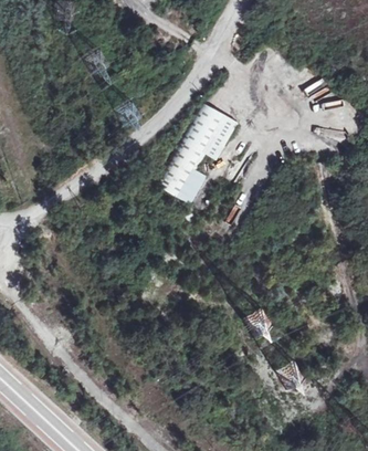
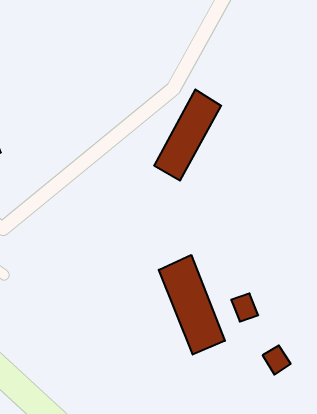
building: none -> [159,255,225,355]

